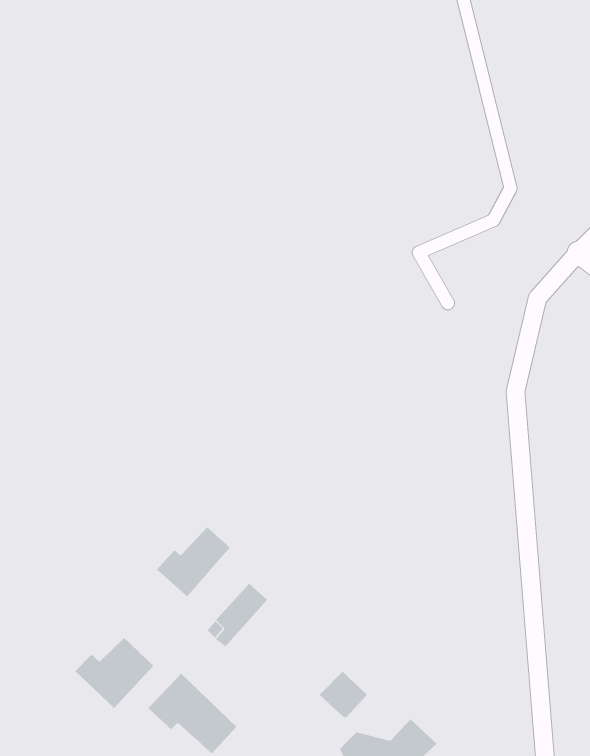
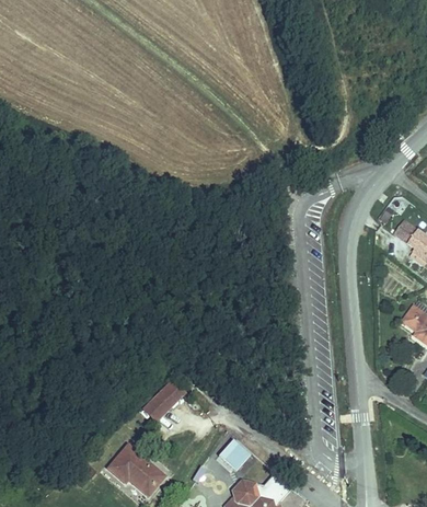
building: [156,527,231,597] -> none
building: [74,637,154,709] -> none

